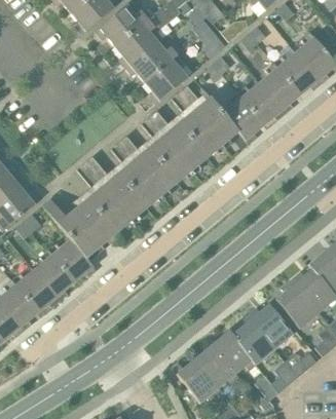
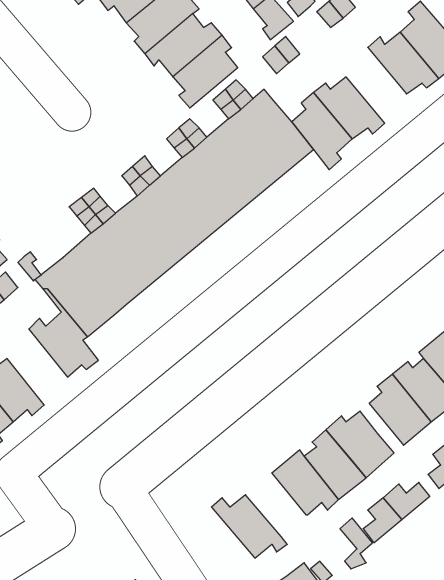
building: [260,64,300,114] -> none
building: [35,251,75,301] -> none
building: [193,346,237,388] -> none

